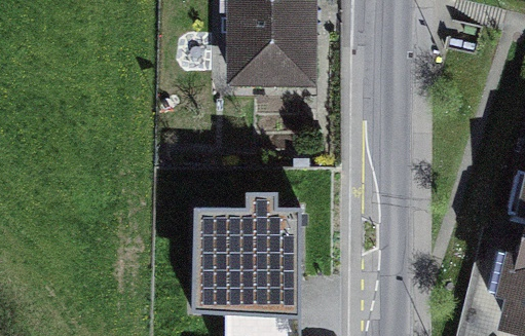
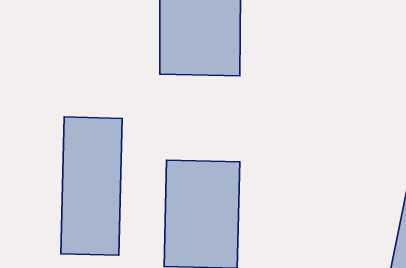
building: none -> [61,117,122,255]

